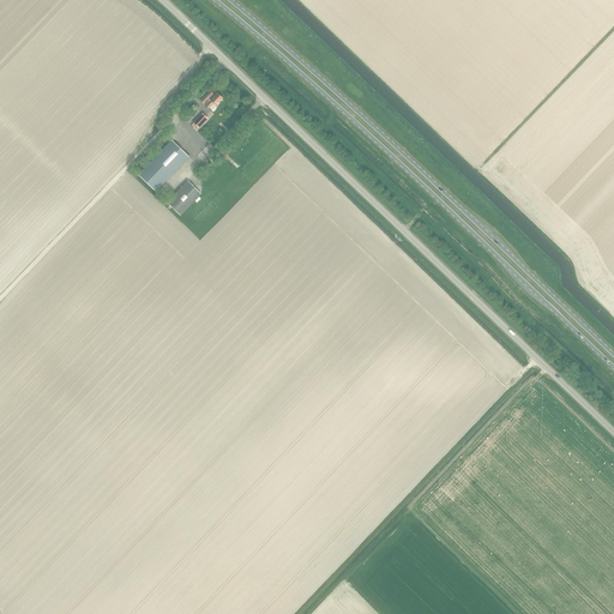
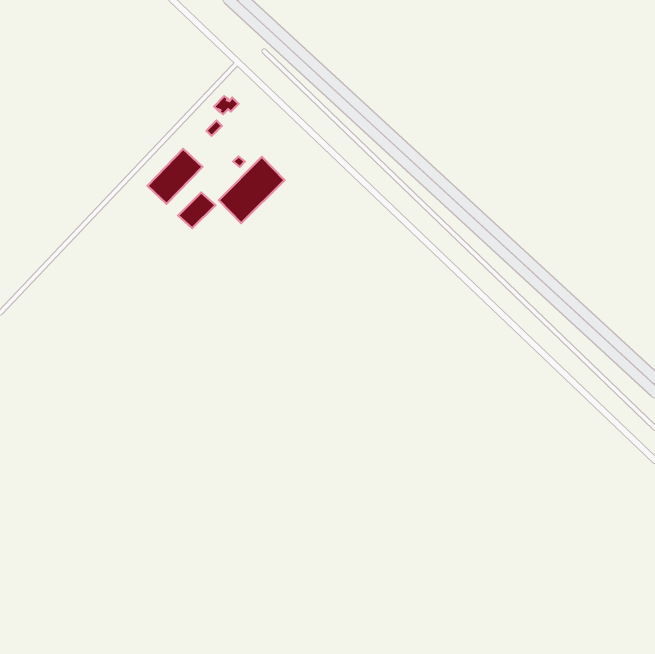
building: none -> [219,157,284,223]

